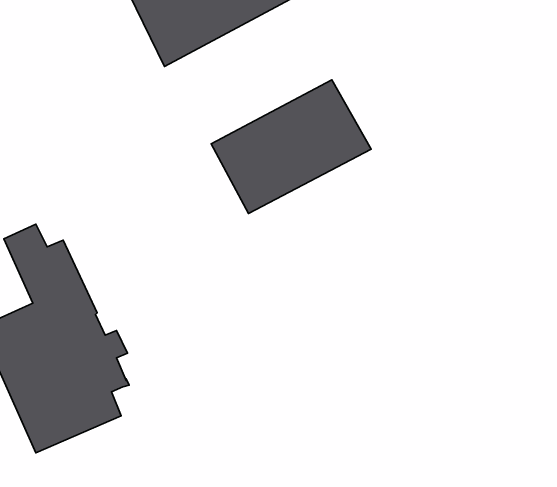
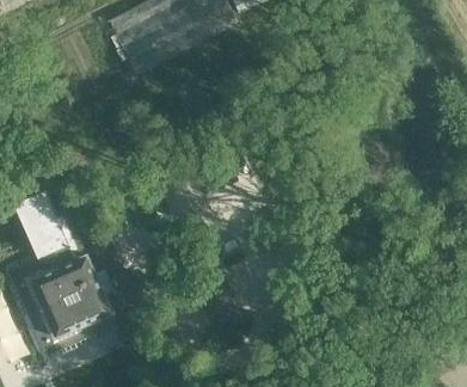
building: [211,80,371,213] -> none

